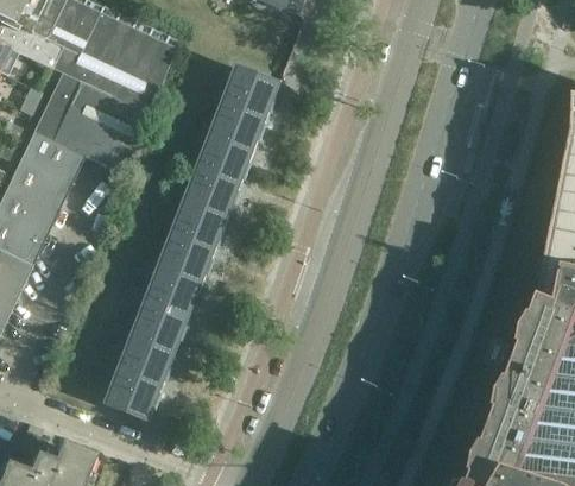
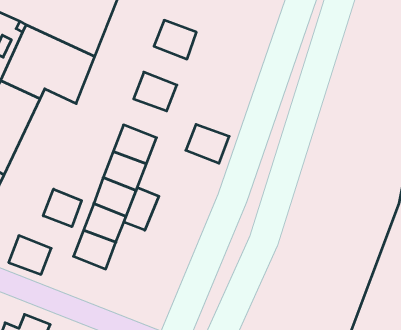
building: [210,100,266,150] -> none
building: [184,168,240,217] -> [186,124,229,163]
building: none -> [124,188,159,230]
building: none -> [43,189,82,227]
building: [107,370,162,419] -> [9,236,51,274]

